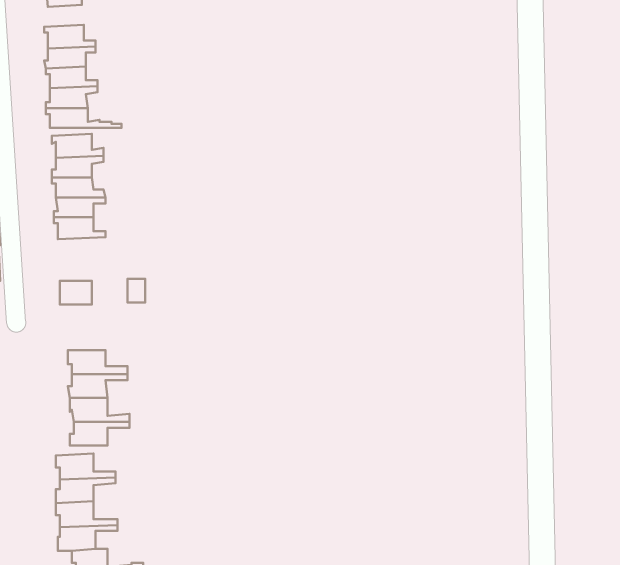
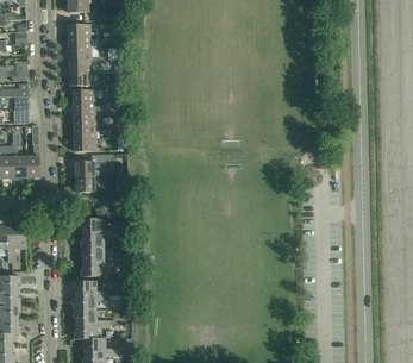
building: none -> [74,155,113,177]

